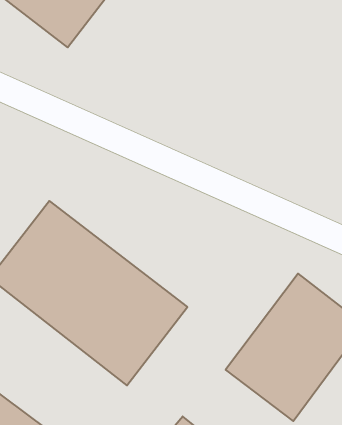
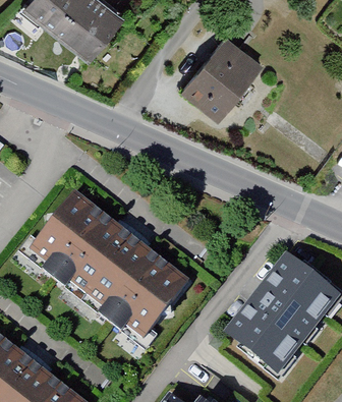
building: none -> [179,33,265,122]

